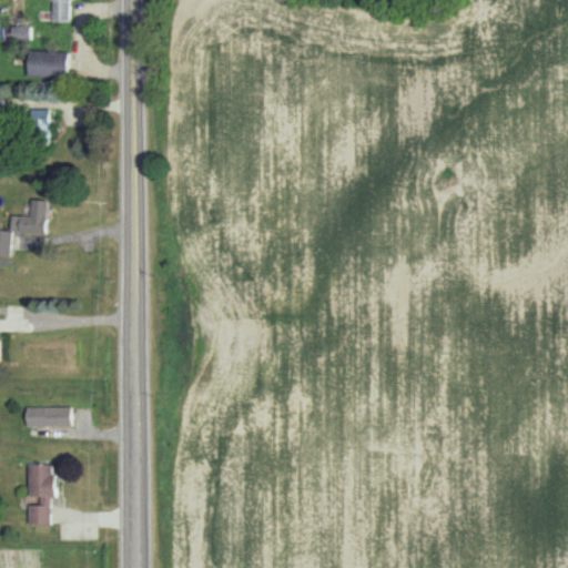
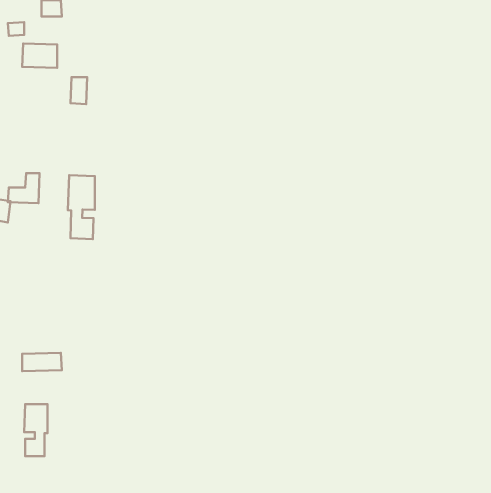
building: [29,110,48,141] -> [71,77,87,104]
building: none -> [68,175,95,239]

